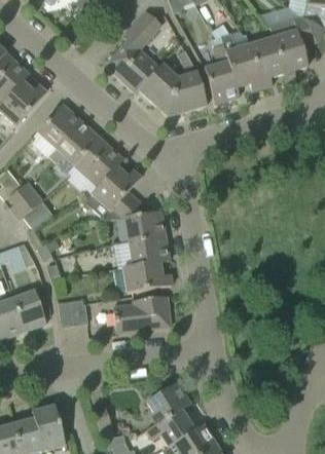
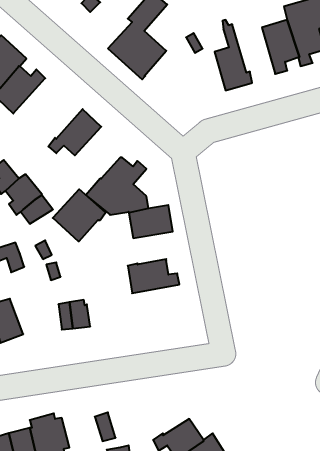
building: [214,33,260,90] -> none
building: [138,64,206,117] -> none
building: [36,104,80,149] -> none
building: [73,138,122,186] -> [53,189,106,241]
building: [128,235,169,266] -> none
building: [12,291,45,331] -> none
building: [112,296,170,333] -> none
building: [146,382,189,425] -> none

